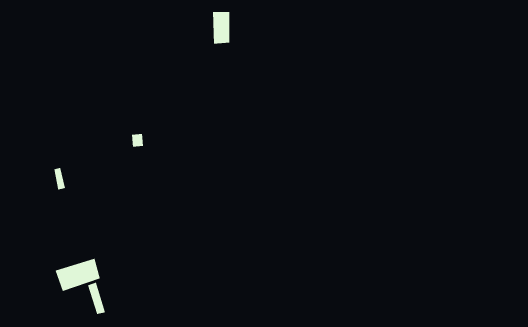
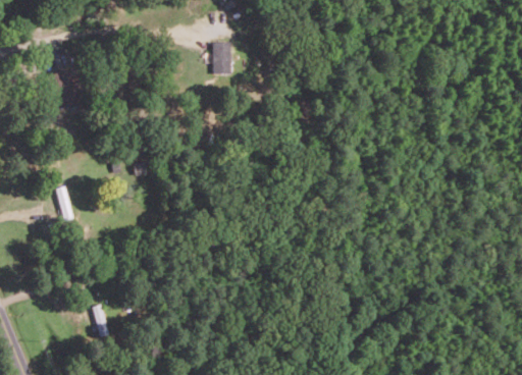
building: [55,258,100,292] -> none

